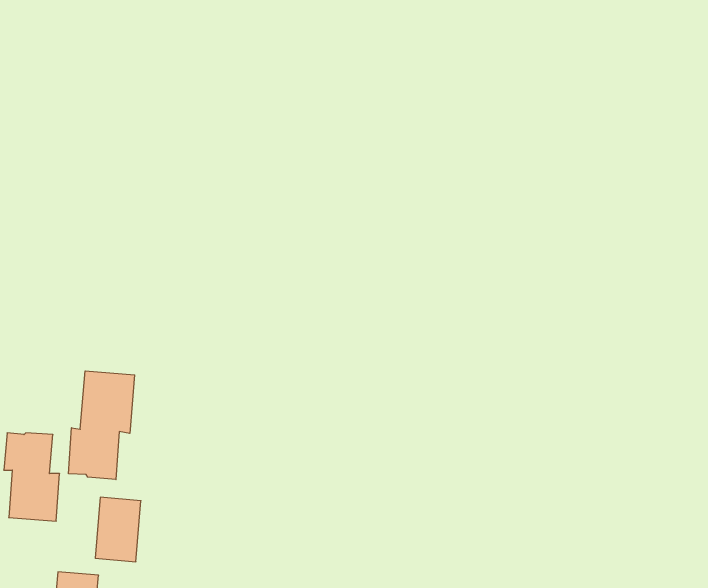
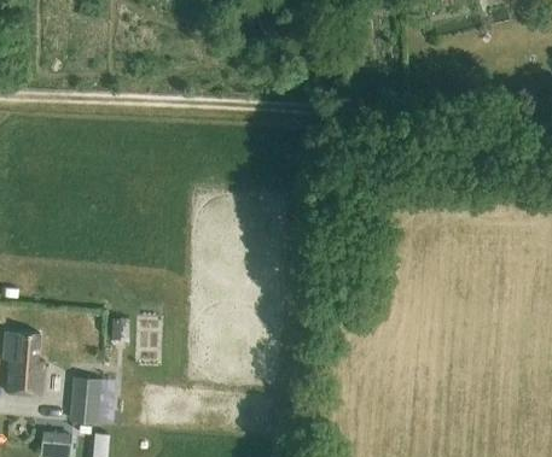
building: [69,371,135,480] -> none

